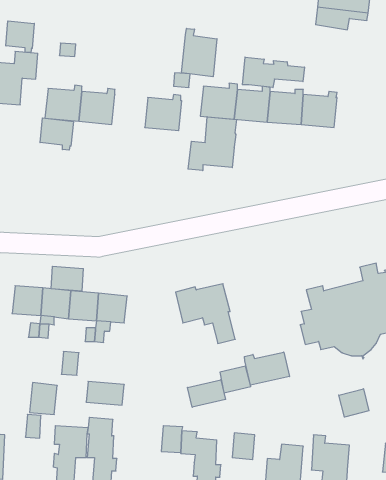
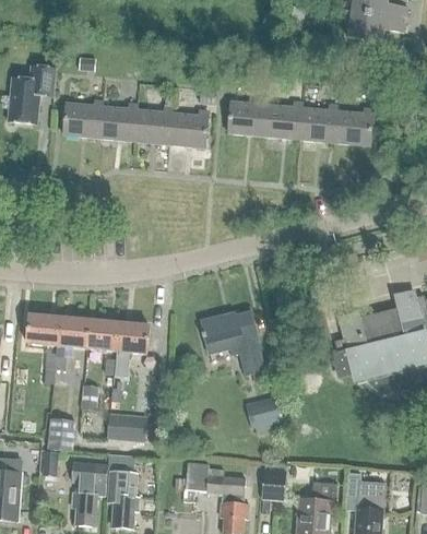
building: [6,21,34,52] -> none
building: [182,28,217,77] -> none
building: [242,57,304,88] -> none
building: none -> [133,107,171,145]
building: [188,117,236,171] -> none
building: [40,118,73,150] -> none
building: [51,266,83,291] -> none
building: [244,352,289,385] -> none
building: [187,380,226,407] -> none
building: [339,389,369,417] -> none

